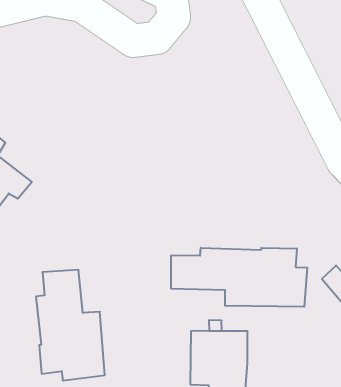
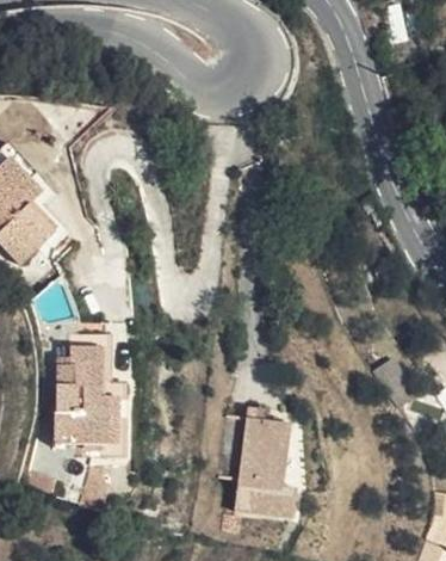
building: [171,248,307,307] -> none

